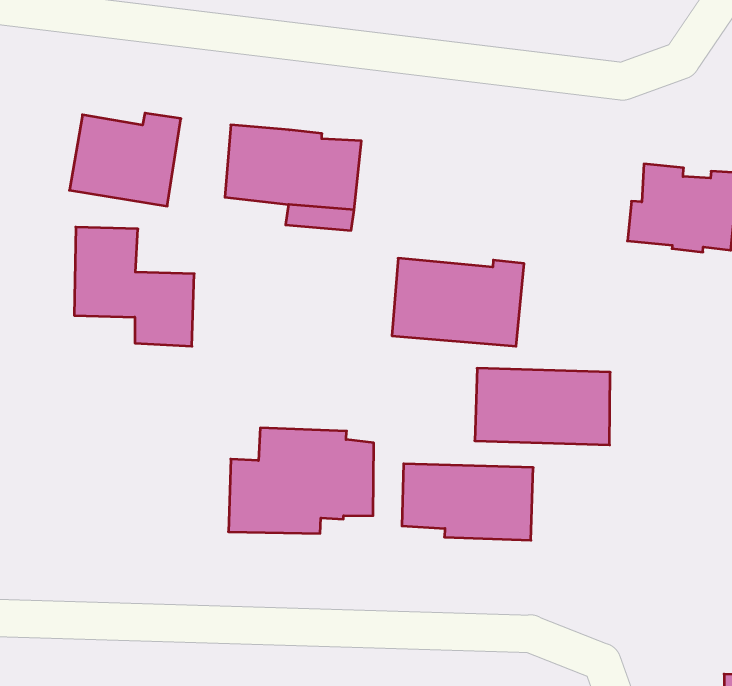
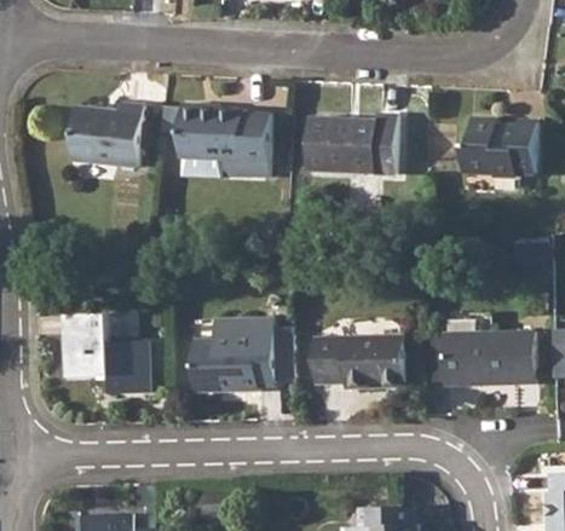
building: [74,227,194,346] -> [63,314,149,394]
building: [392,258,524,346] -> [307,115,397,174]
building: [475,368,610,445] -> [442,331,537,385]

